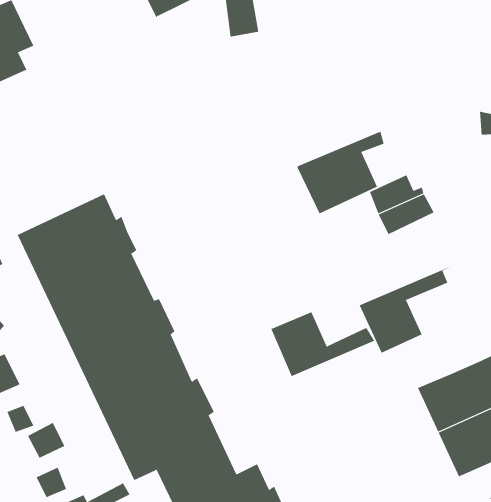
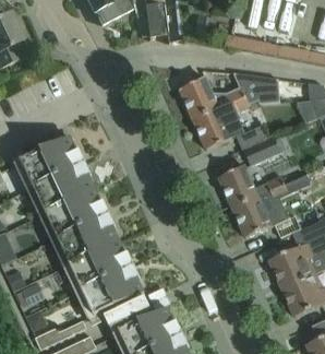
building: none -> [179,72,261,118]
building: [270,312,375,377] -> [218,165,285,206]

